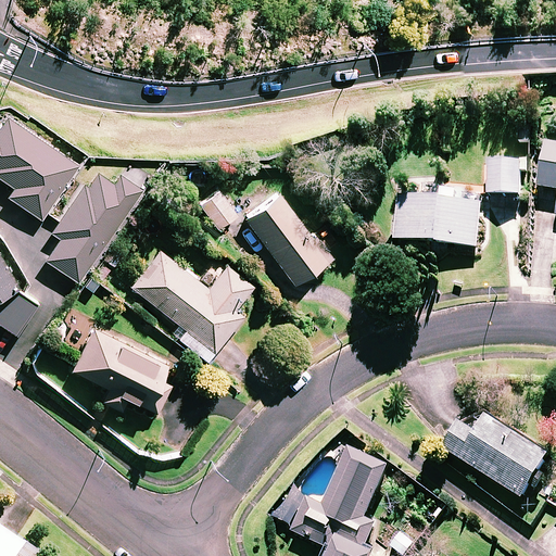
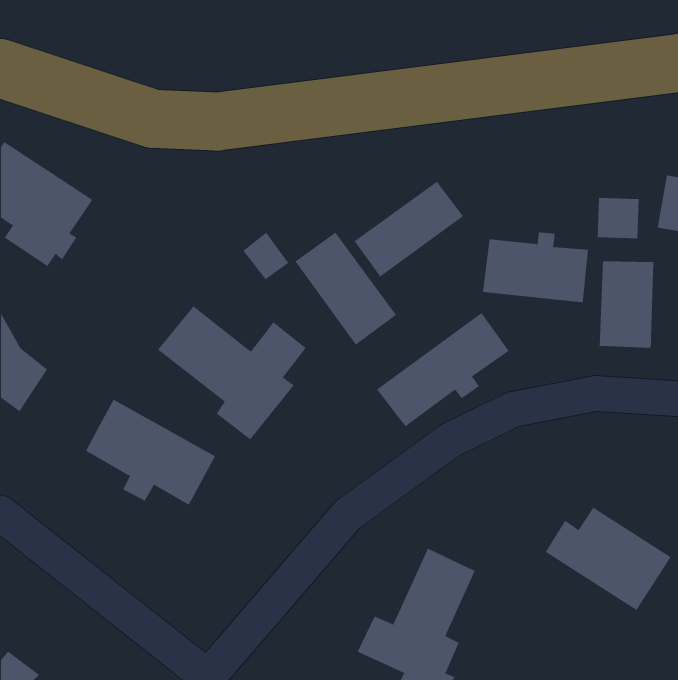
building: none -> [354,181,464,278]
building: [45,159,142,281] -> none
building: none -> [599,260,654,349]
building: none -> [376,312,509,427]

